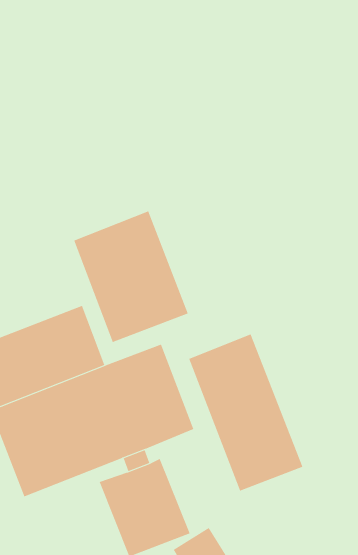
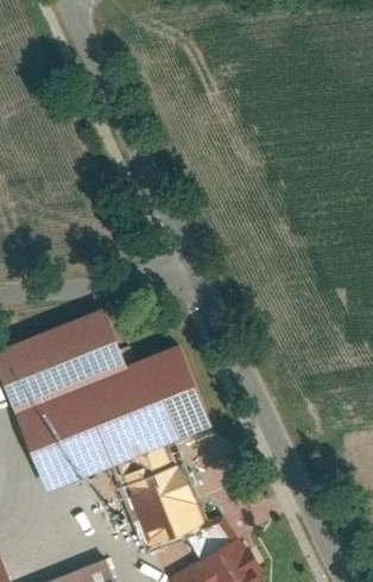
building: [73,210,189,343] -> none
building: [189,333,303,491] -> none

